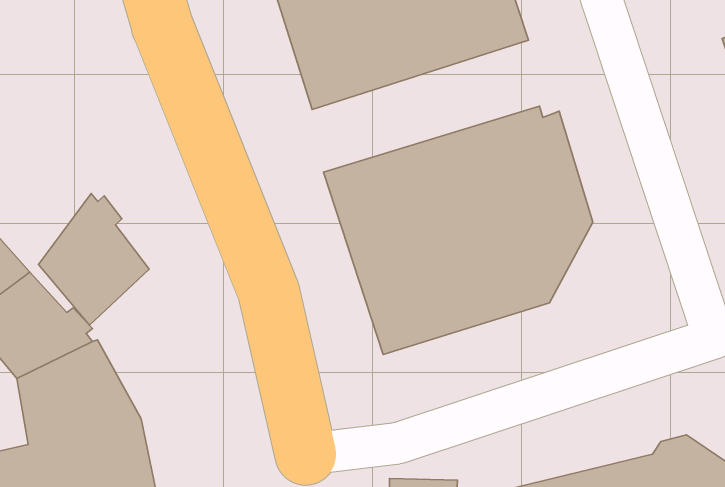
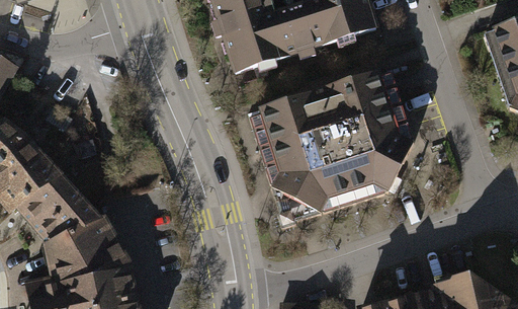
building: [38,194,149,325] -> none

